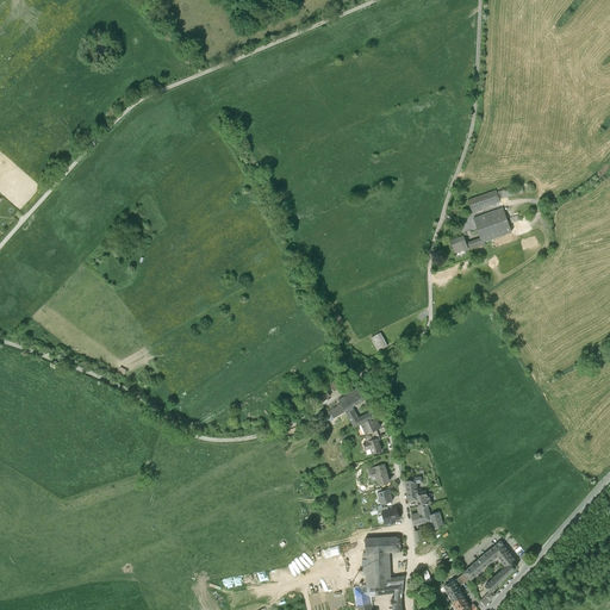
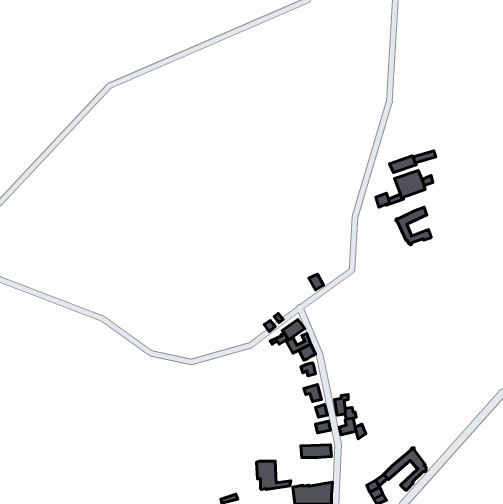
building: none -> [396,207,431,245]
building: [361,553,403,587] -> [256,461,291,490]

